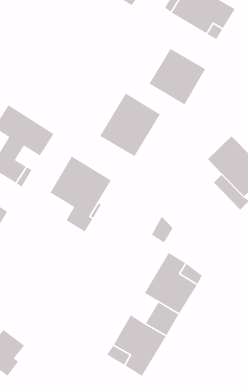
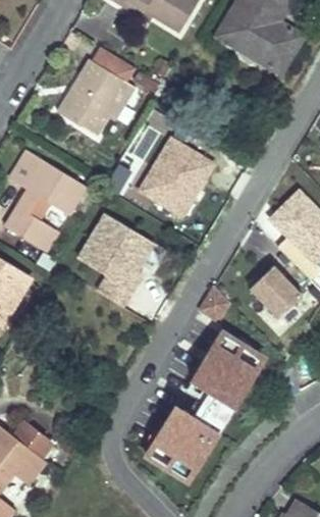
building: none -> [57,47,136,136]
building: [149,48,206,106] -> none
building: none -> [249,264,303,317]

